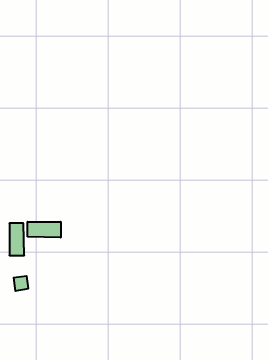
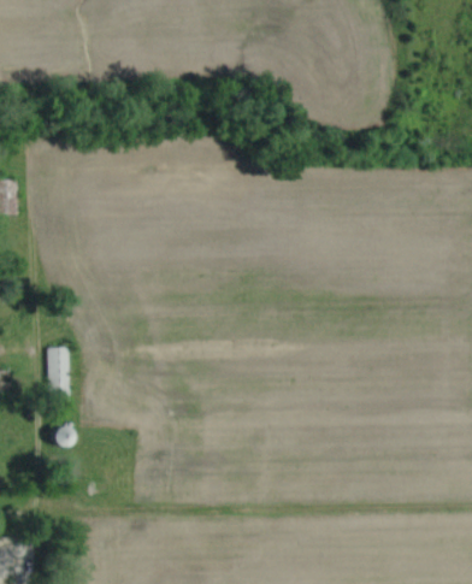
building: [28,222,61,238] -> none

